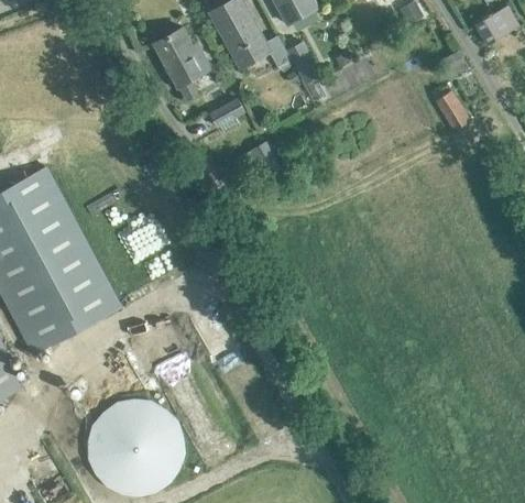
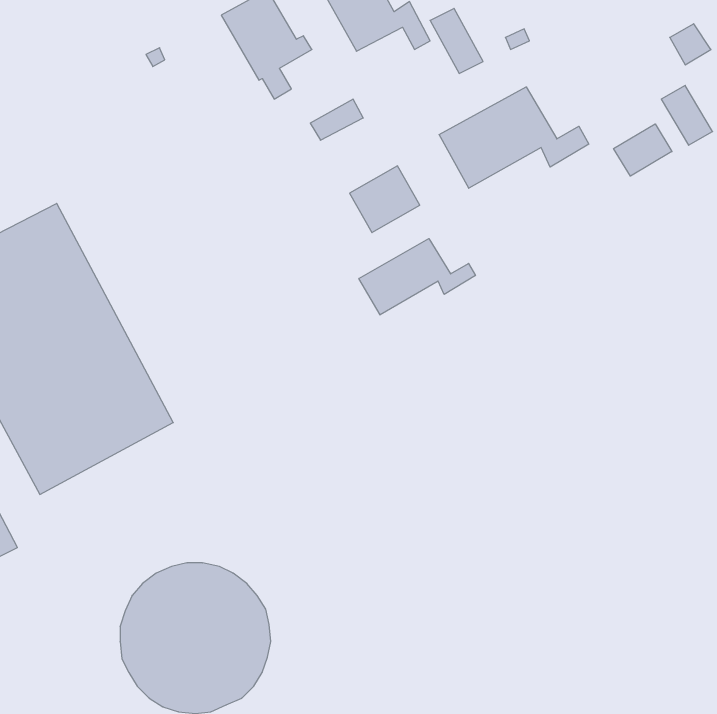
building: none -> [439,87,589,188]
building: none -> [614,124,672,176]
building: none -> [359,239,475,315]

